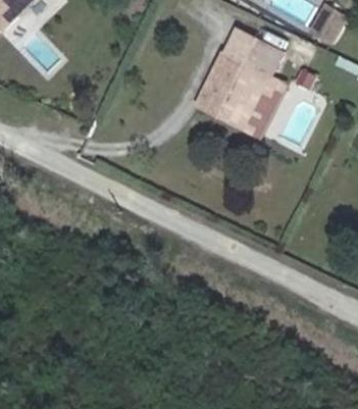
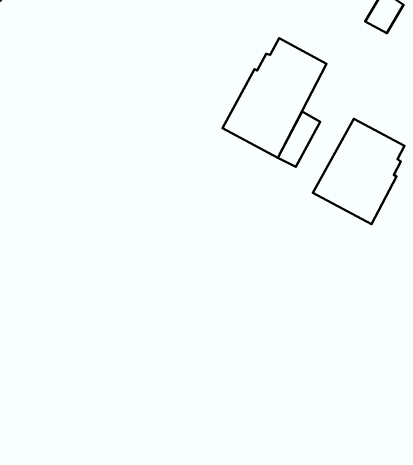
building: none -> [313,119,404,224]

